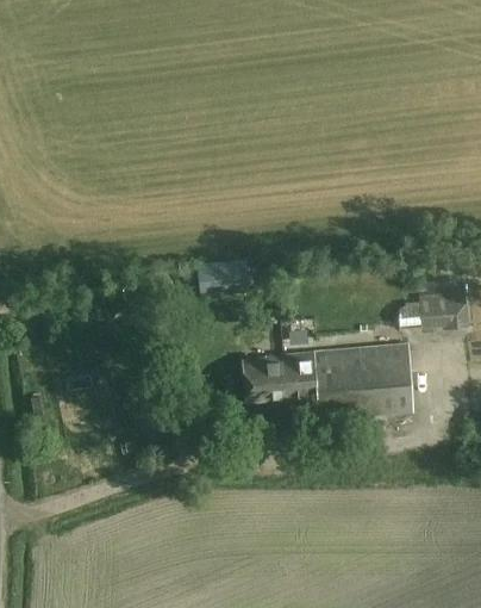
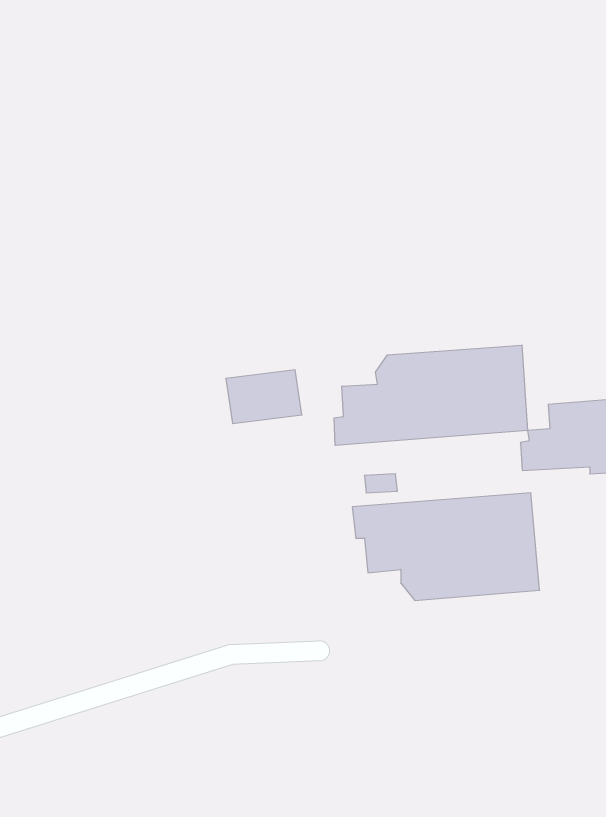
building: none -> [334,345,527,445]
building: [243,353,294,402] -> none

